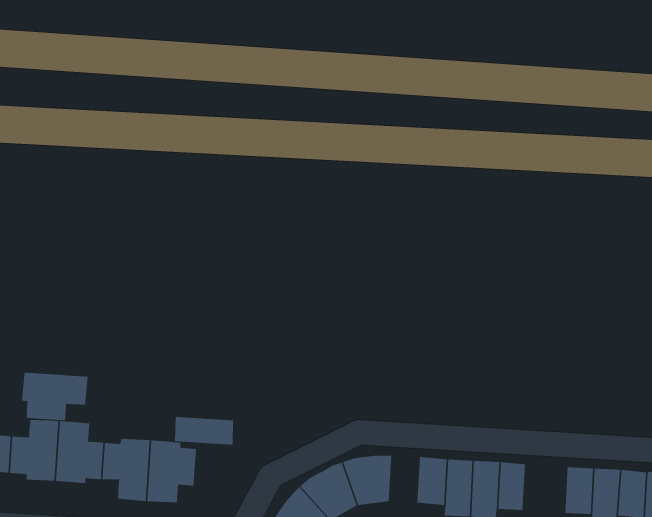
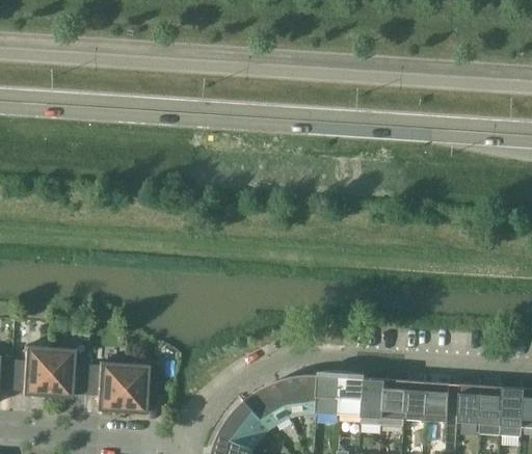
building: [22,372,88,421] -> none
building: [175,416,233,446] -> none
building: none -> [316,375,340,413]
building: none -> [424,382,449,421]

